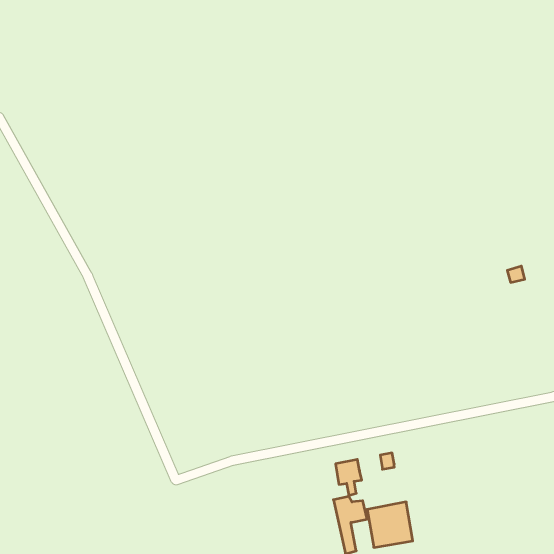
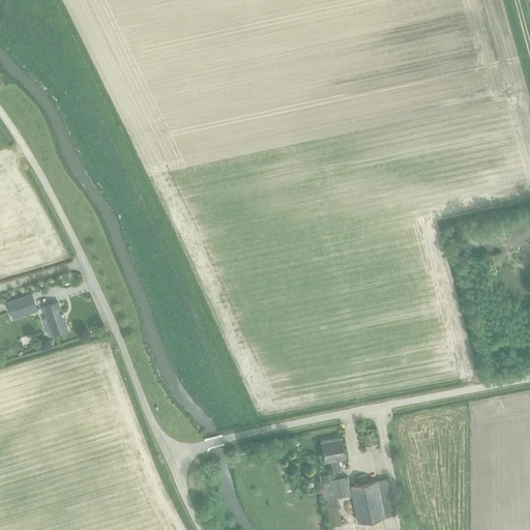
building: none -> [6,295,37,320]
building: none -> [41,303,66,336]

